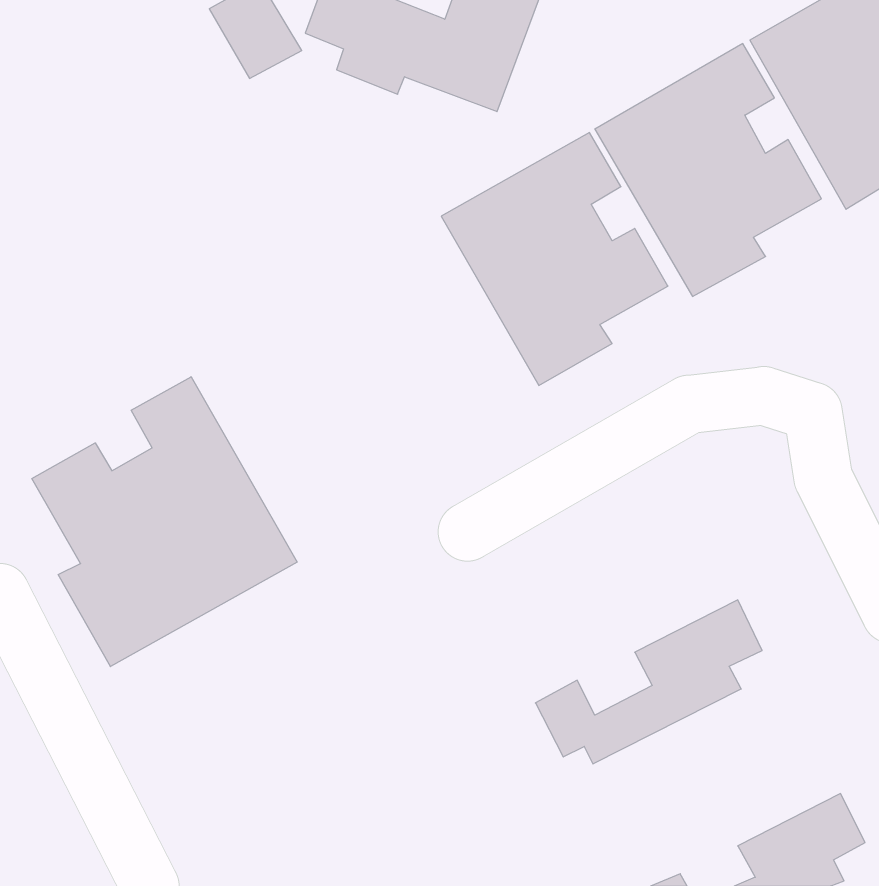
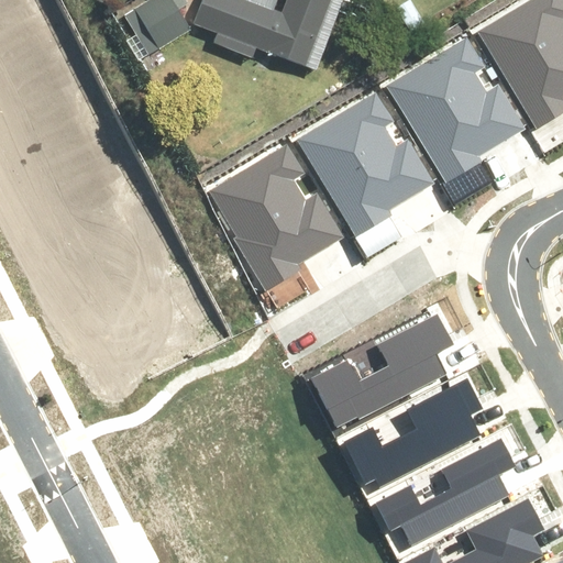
building: none -> [194,140,336,299]
building: [32,377,297,667] -> none
building: none -> [309,320,453,423]
building: none -> [379,438,523,541]

